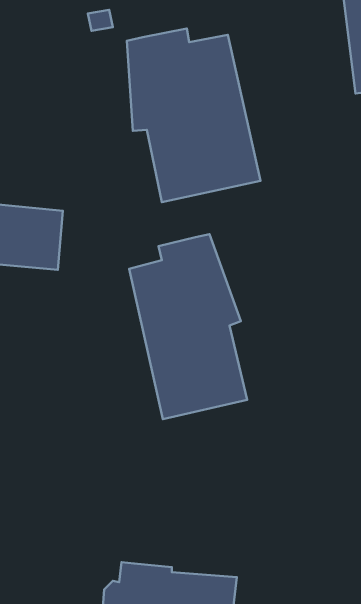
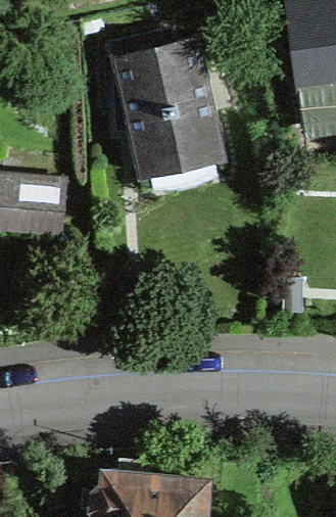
building: [129,234,247,419] -> none

